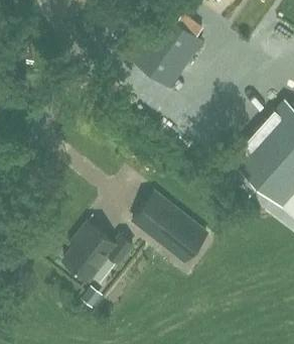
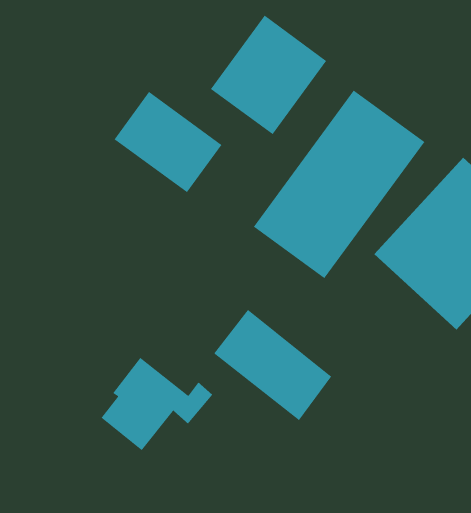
building: none -> [253,90,425,279]
building: none -> [114,91,222,193]

